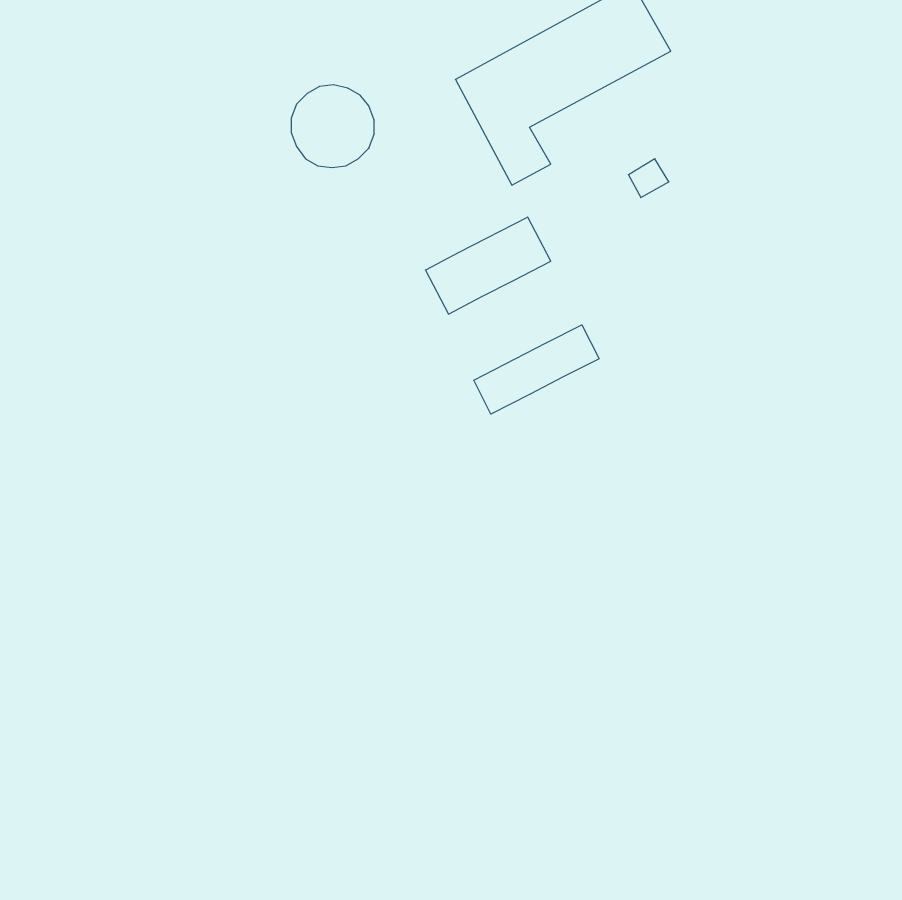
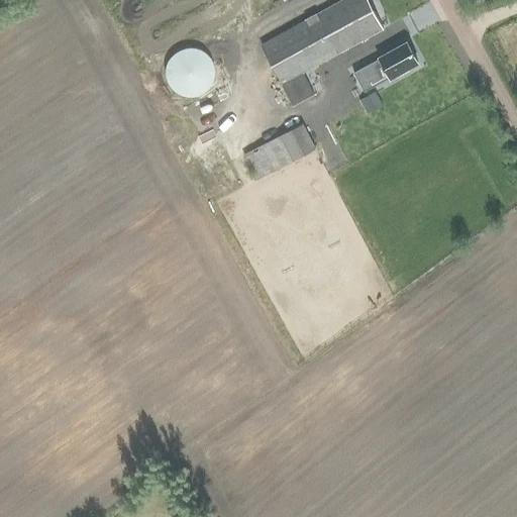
building: none -> [354,42,418,91]
building: [474,325,599,414] -> none

